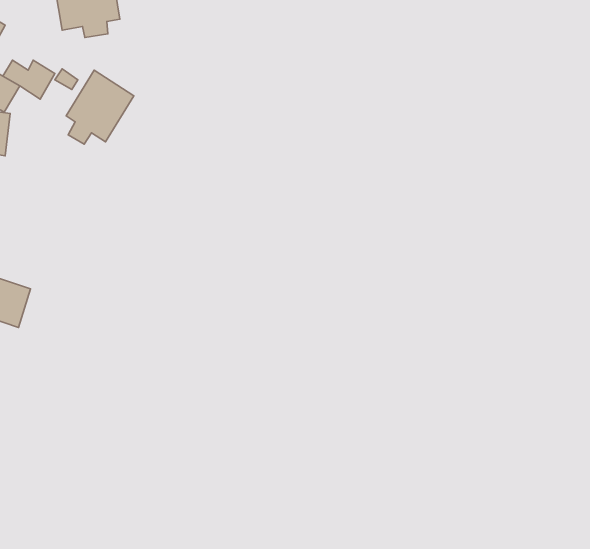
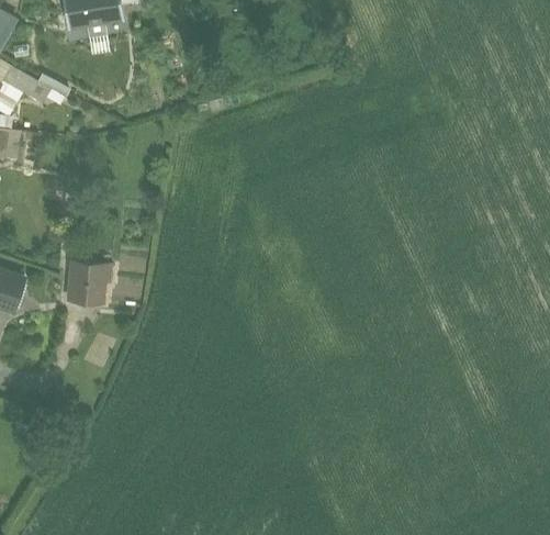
building: [66,70,134,144] -> none
building: none -> [63,255,109,302]

